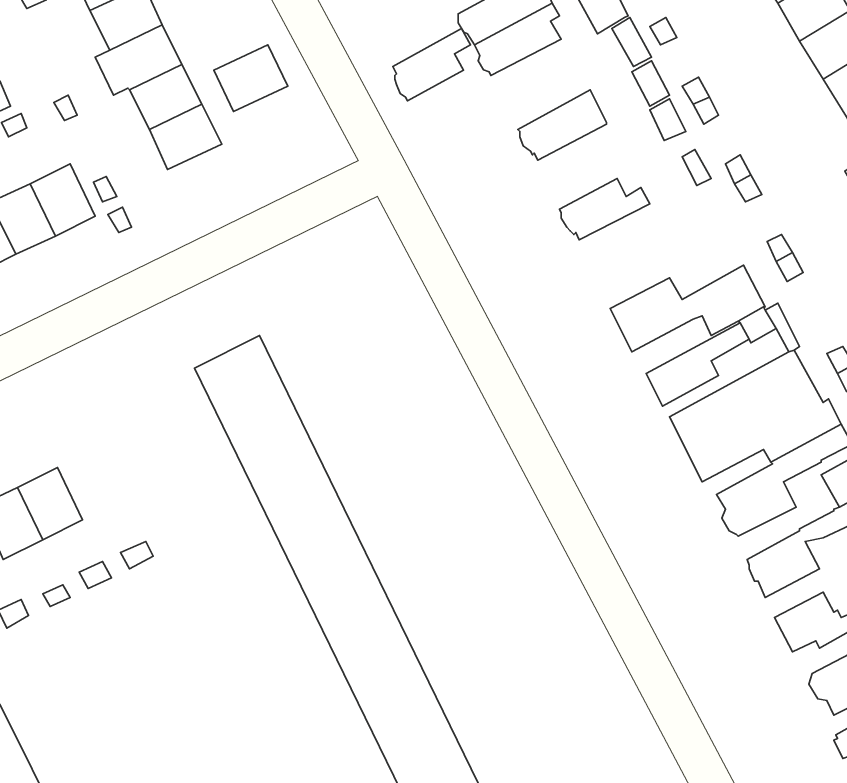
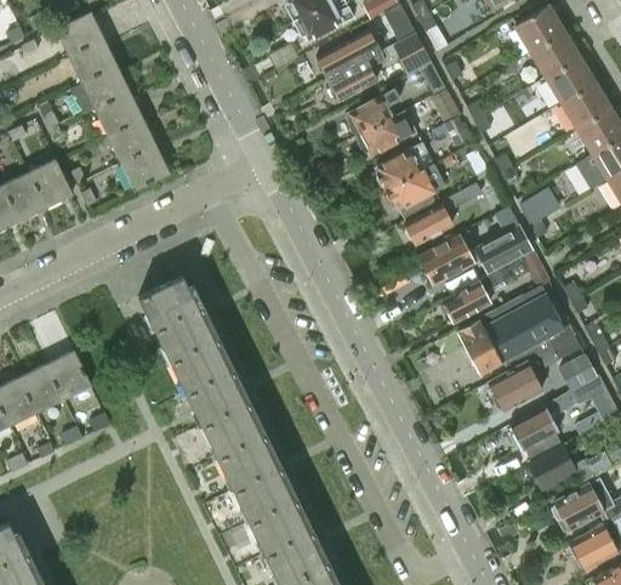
building: [393,29,471,101] -> [347,87,399,136]
building: [214,45,288,112] -> [121,146,171,191]
building: none -> [376,142,433,189]
building: none -> [404,182,483,244]
building: none -> [47,350,92,398]

